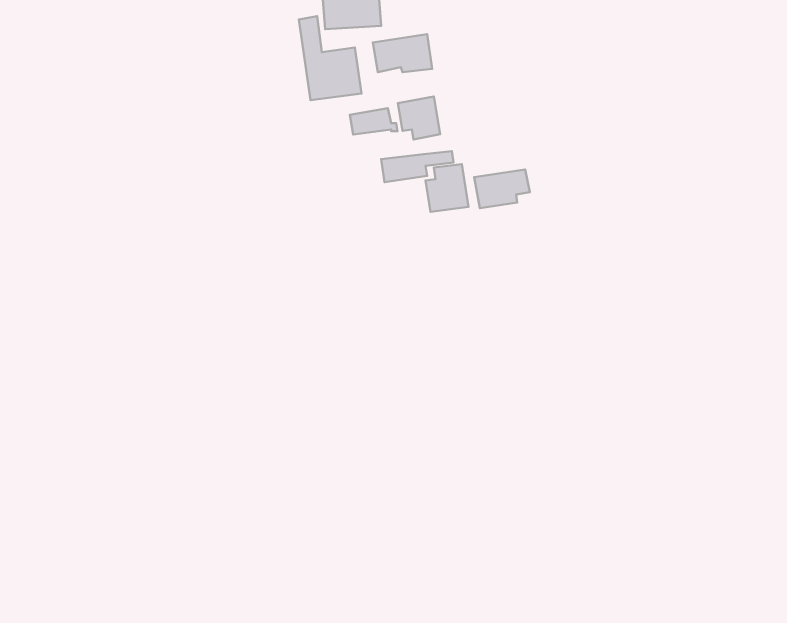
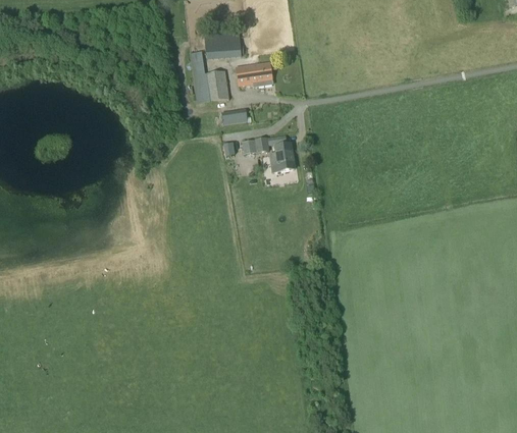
building: [398,96,440,140] -> none
building: [474,169,530,208] -> none

